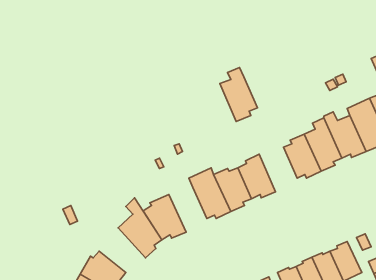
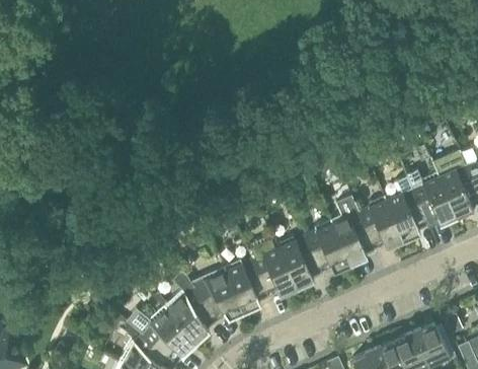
building: [220,67,258,121] -> [330,201,375,265]
building: none -> [224,260,268,312]
building: none -> [127,307,196,360]

